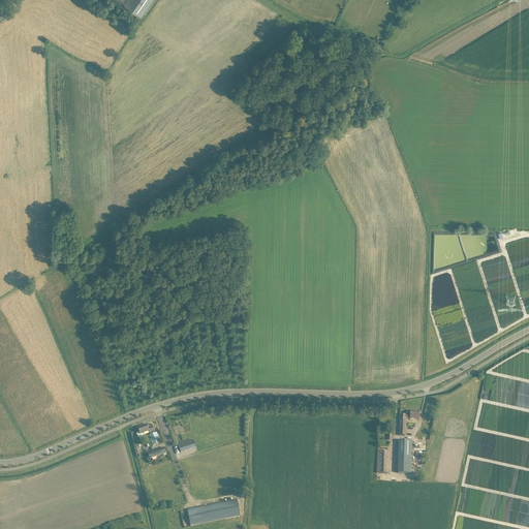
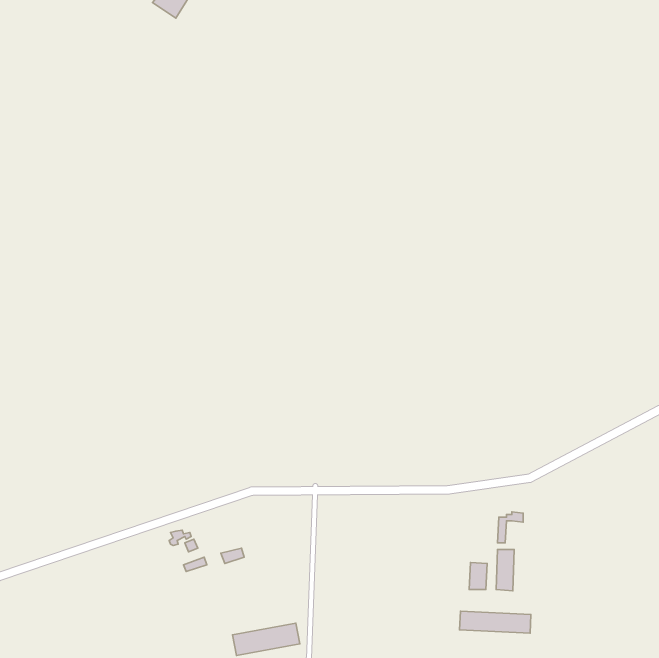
building: none -> [459,611,531,633]

